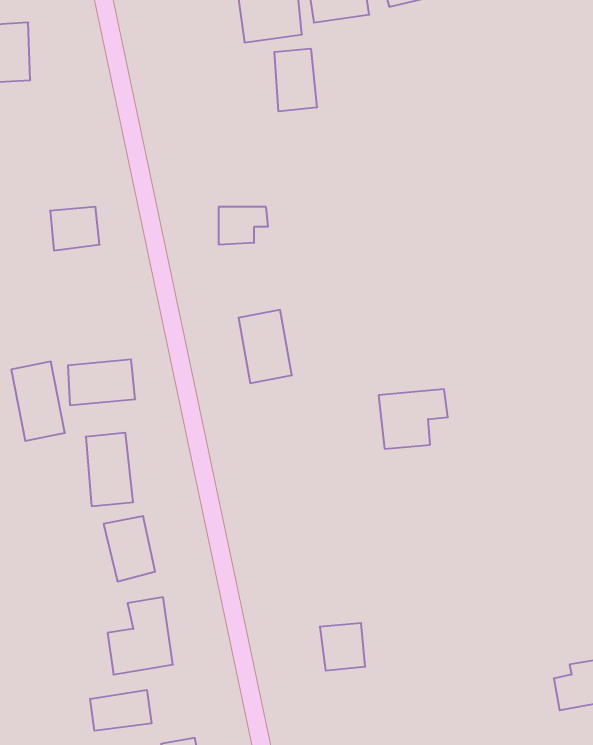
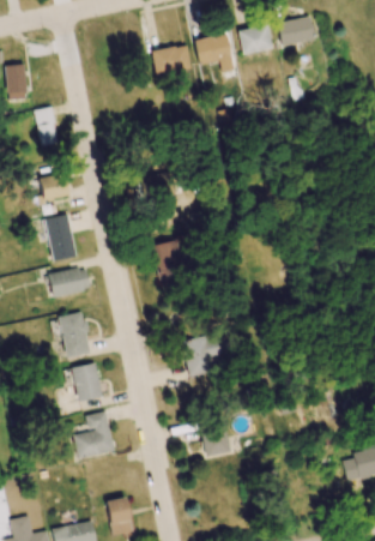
building: [274,49,317,111] -> none
building: none -> [36,107,56,145]
building: [11,362,65,441] -> [44,214,77,262]
building: [379,389,448,449] -> [182,337,224,373]
building: [90,690,152,731] -> none

